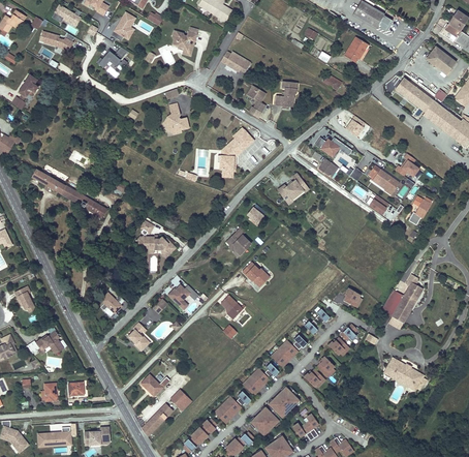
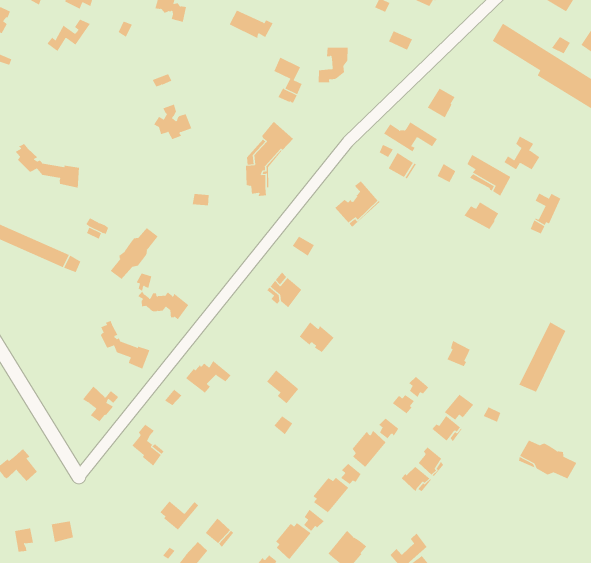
building: none -> [15,143,79,189]
building: none -> [110,227,158,280]
building: none -> [100,320,150,370]
building: [269,387,299,416] -> none

